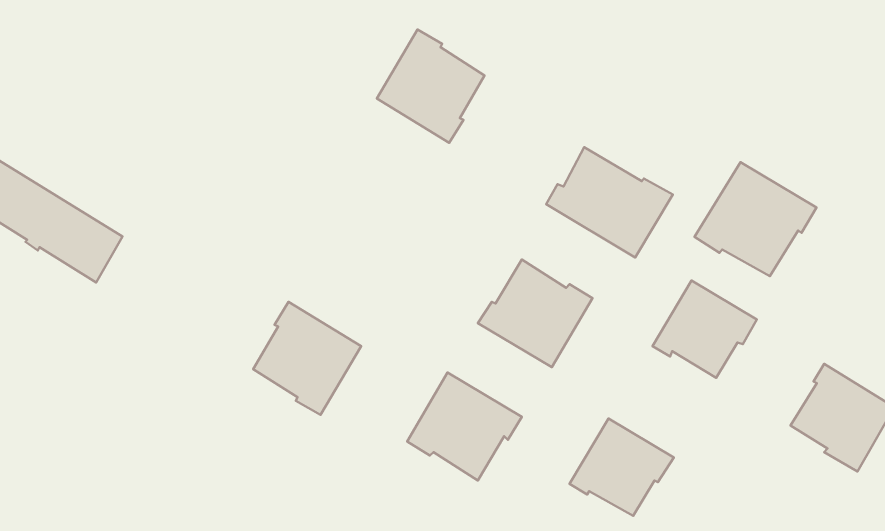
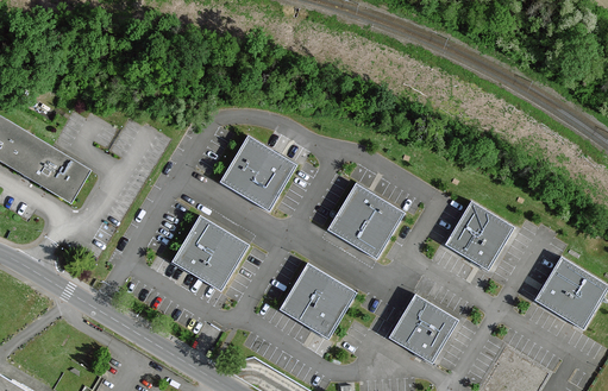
building: [377,30,485,143] -> [219,135,292,212]
building: [546,147,673,257] -> none
building: [694,162,816,276] -> none

